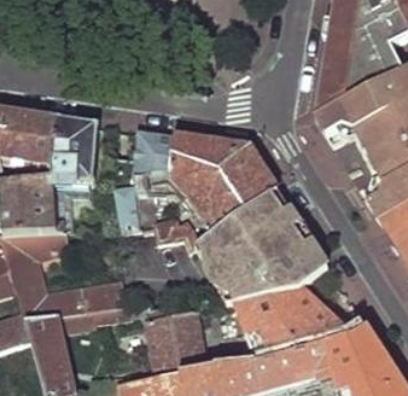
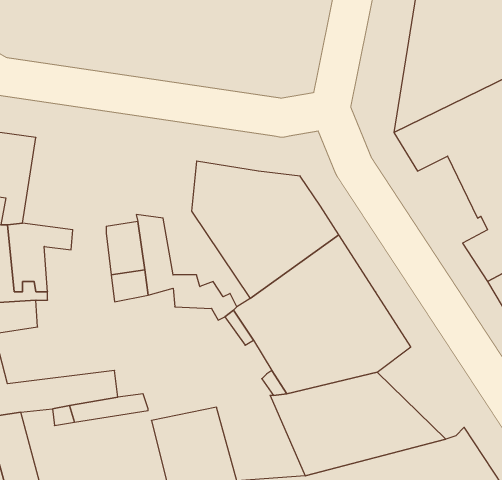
building: [48,116,98,182] -> none
building: [130,128,174,176] -> none

